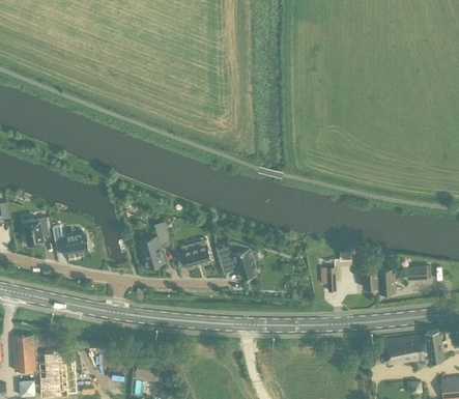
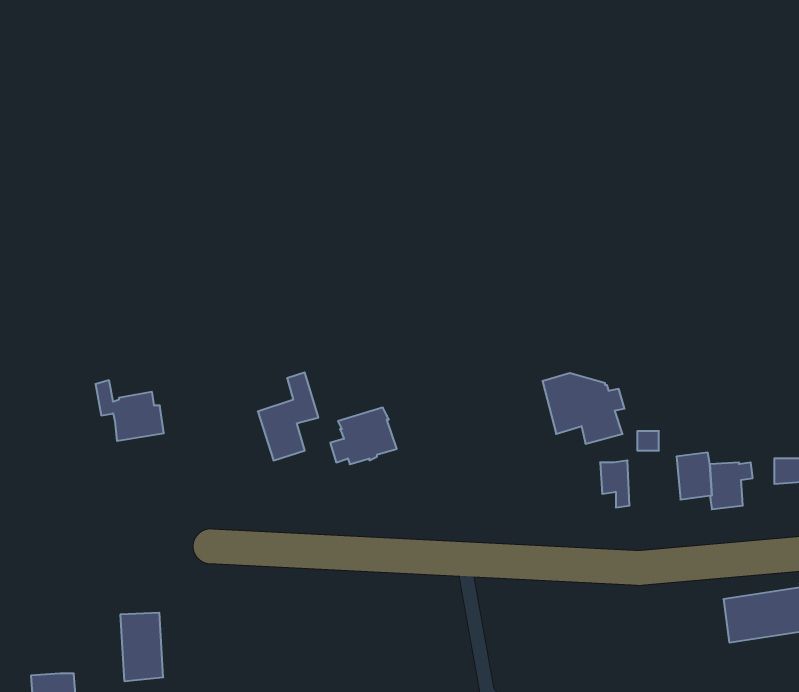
building: [20,217,48,245] -> none
building: [216,240,259,278] -> [542,373,625,444]
building: [11,334,34,370] -> [120,613,163,681]

